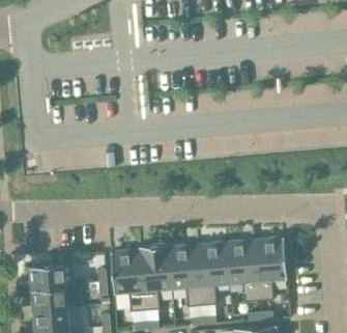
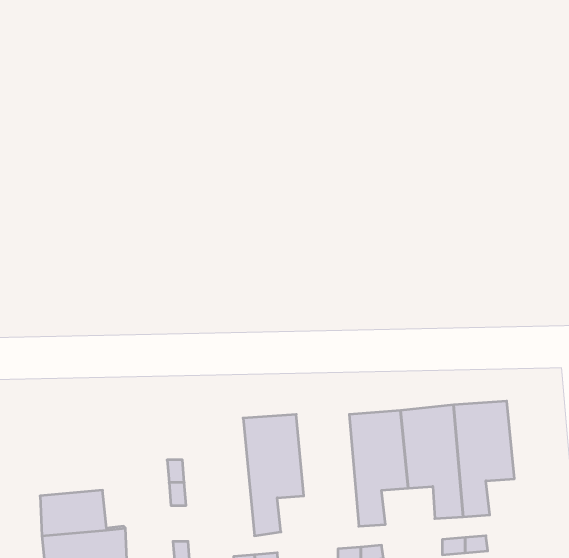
building: [170,244,204,306] -> none
building: [112,246,147,311] -> none
building: [28,261,64,288] -> none

